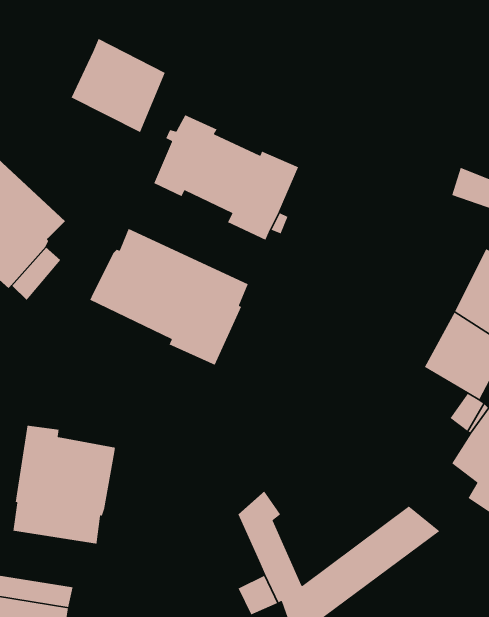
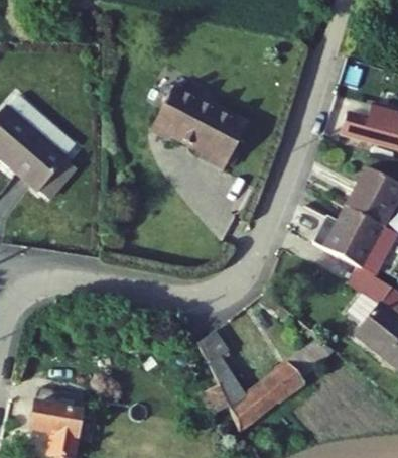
building: [71,38,166,133] -> none
building: [89,228,249,366] -> none
building: [13,425,116,545] -> none

